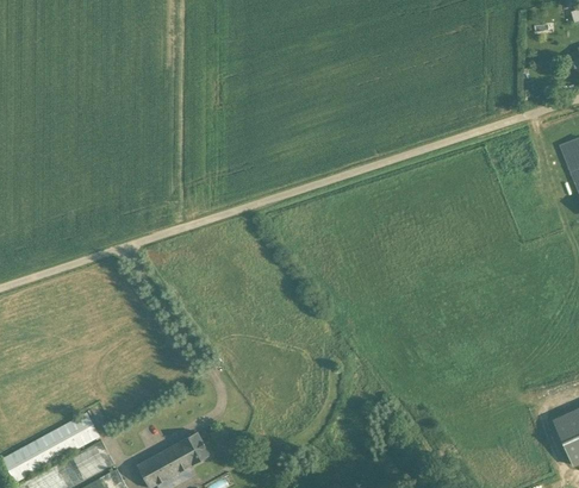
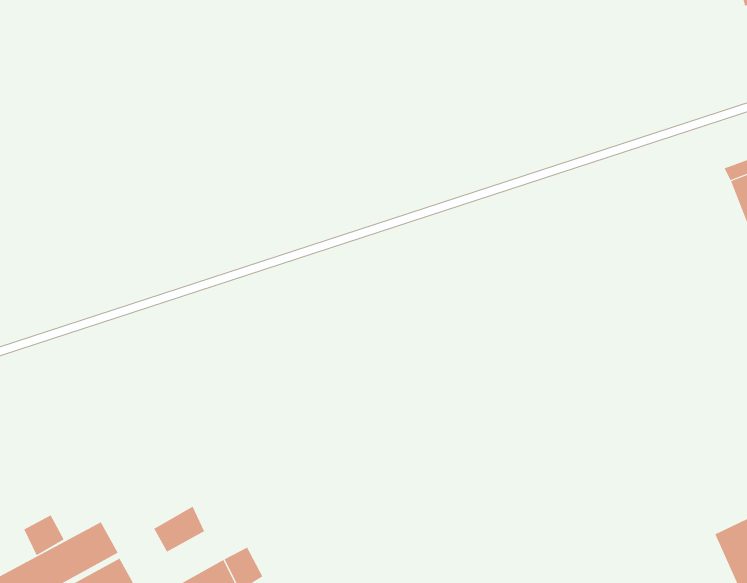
building: none -> [154,506,205,553]
building: none -> [23,514,65,556]

